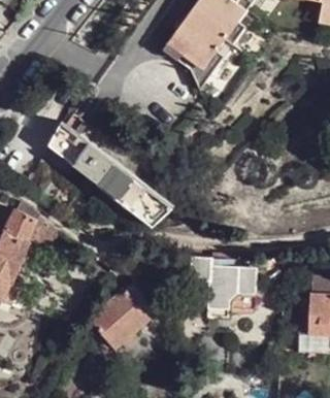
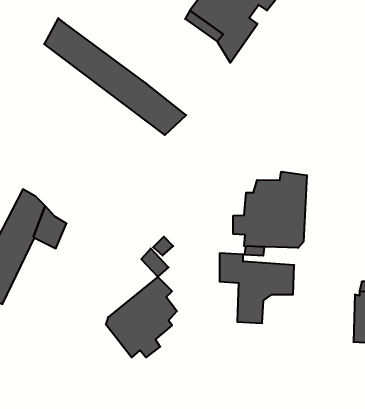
building: [51,121,174,223] -> [44,18,186,135]
building: none -> [233,172,307,248]

